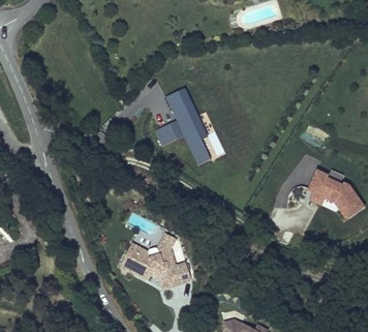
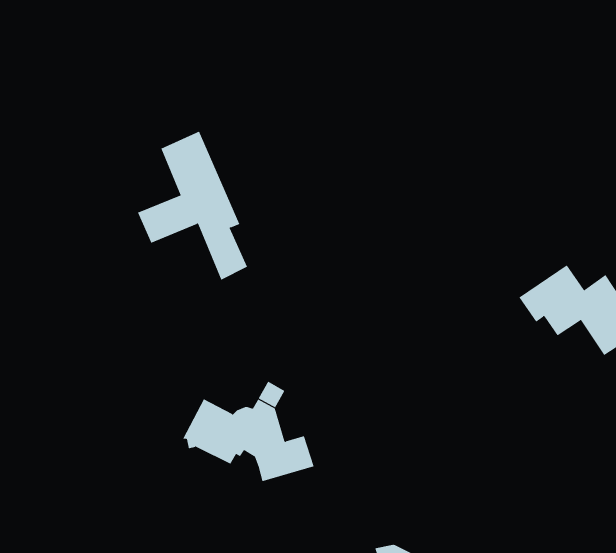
building: [153,85,212,164] -> [137,131,248,281]

